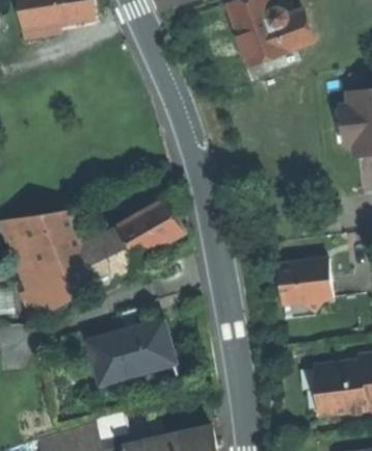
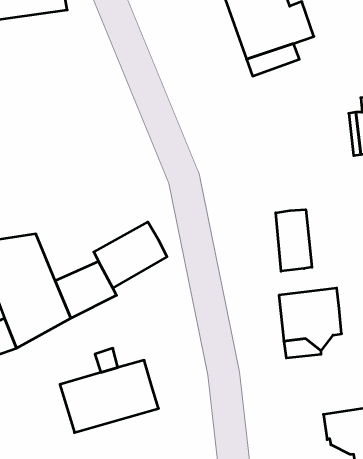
building: none -> [276,210,312,271]

